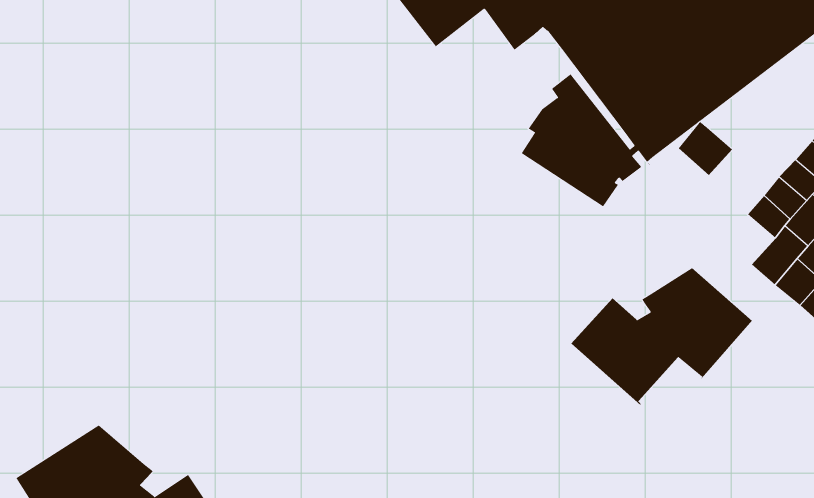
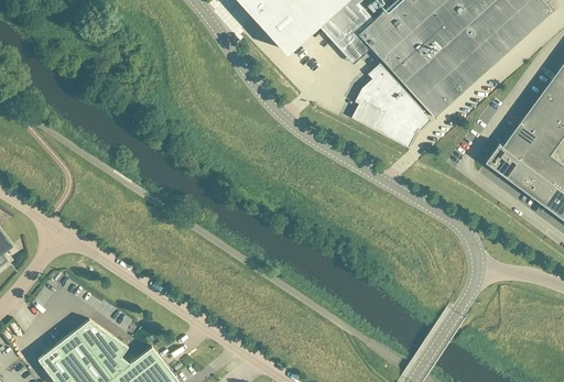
building: [678,122,733,176] -> [486,144,522,179]
building: [570,267,753,406] -> none

